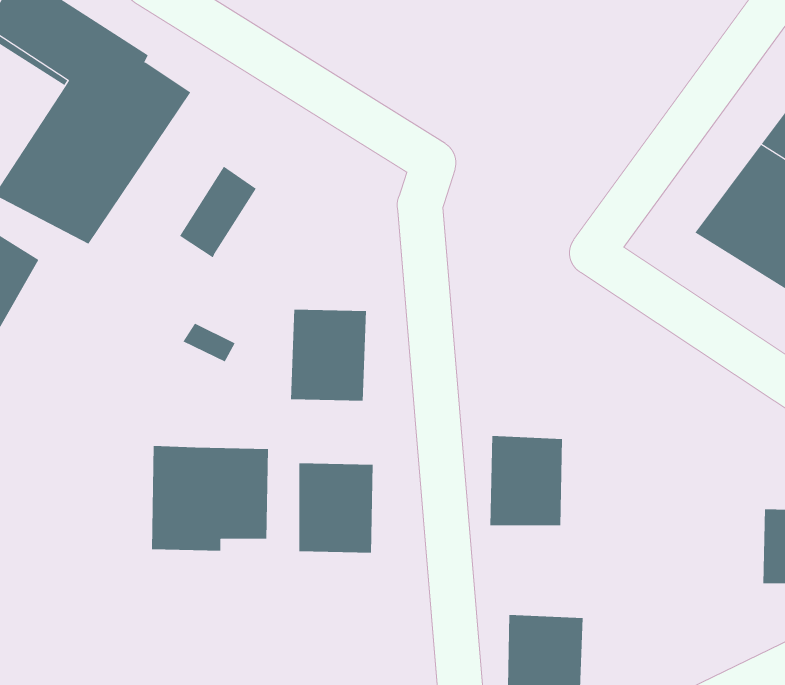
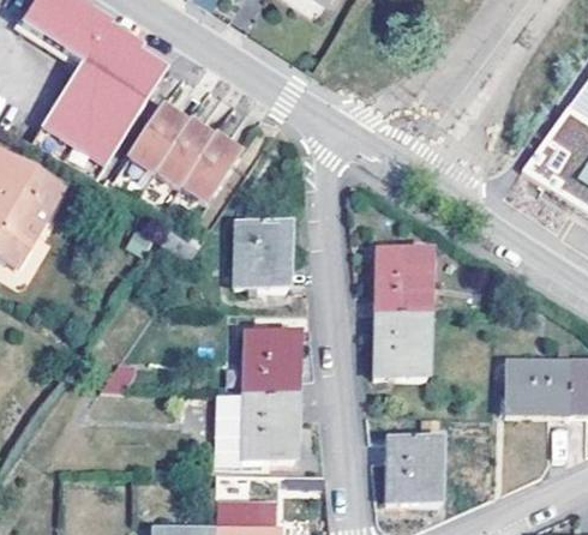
building: none -> [132,104,191,170]
building: none -> [185,132,242,197]
building: none -> [379,246,431,311]
building: [151,445,269,551] -> [212,389,295,463]
building: none -> [506,357,571,413]

